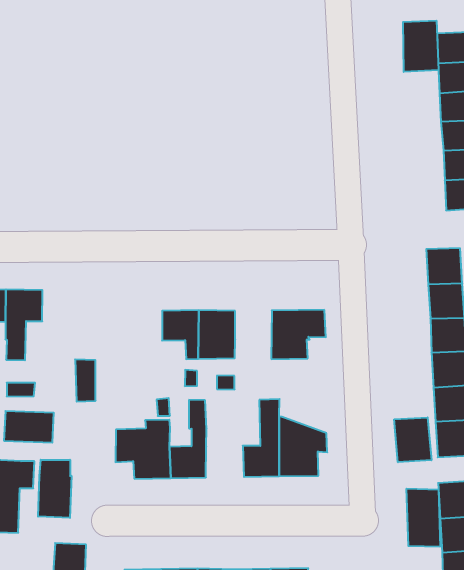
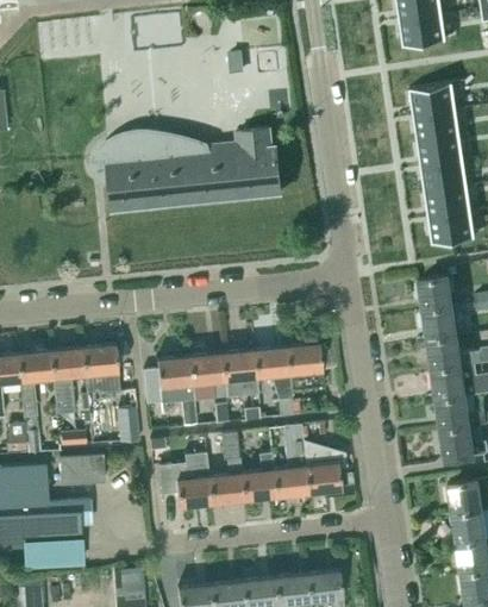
building: [403,21,439,72] -> none
building: none -> [93,129,280,211]
building: none -> [82,344,118,390]
building: none -> [254,346,290,398]
building: none -> [143,356,194,423]
building: [394,417,431,462] -> none
building: none -> [239,452,275,499]
building: [38,460,71,518] -> none
building: [407,489,440,547] -> none

